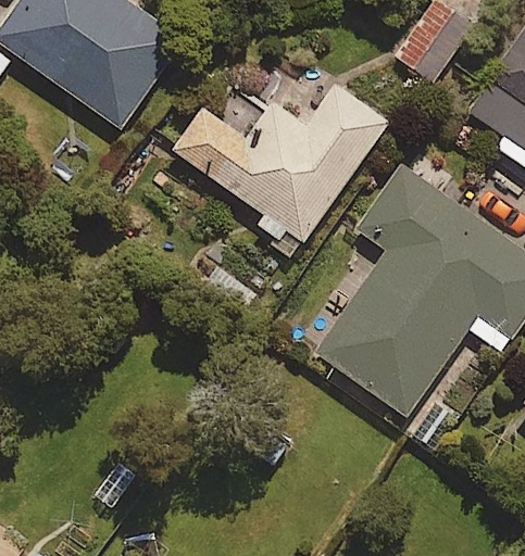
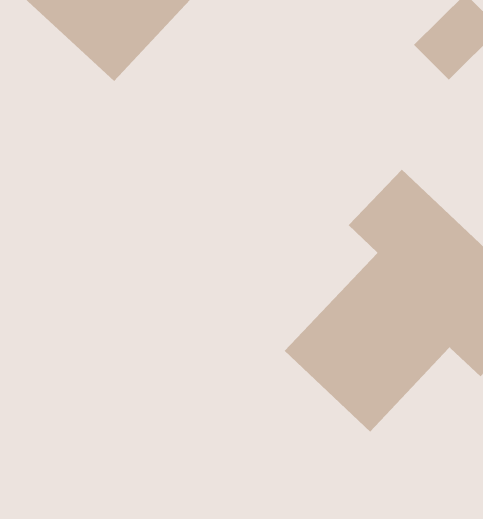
building: [173,81,390,240] -> none

